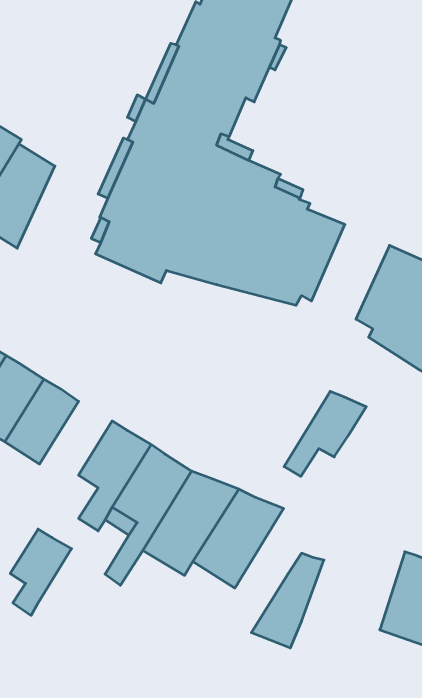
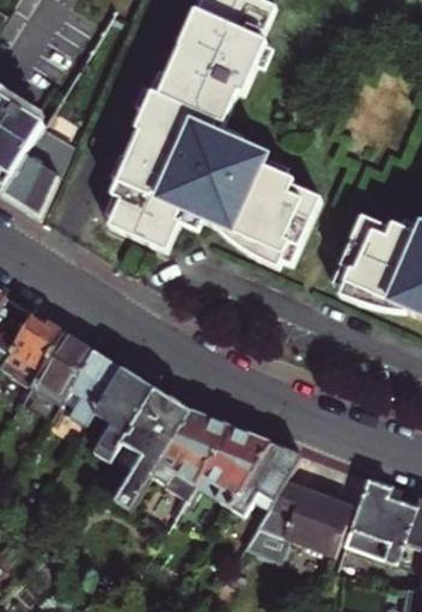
building: [284,391,366,476] -> [231,441,301,514]
building: [10,529,72,615] -> [71,349,123,423]
building: none -> [286,485,361,558]

